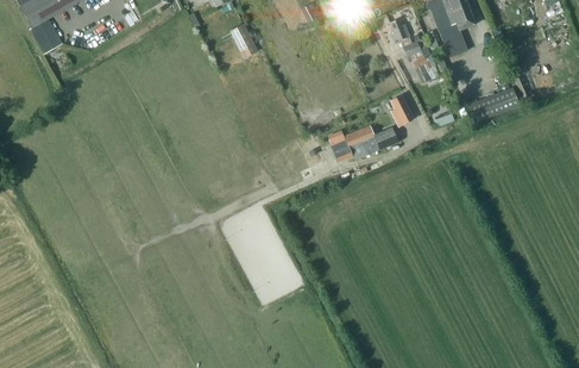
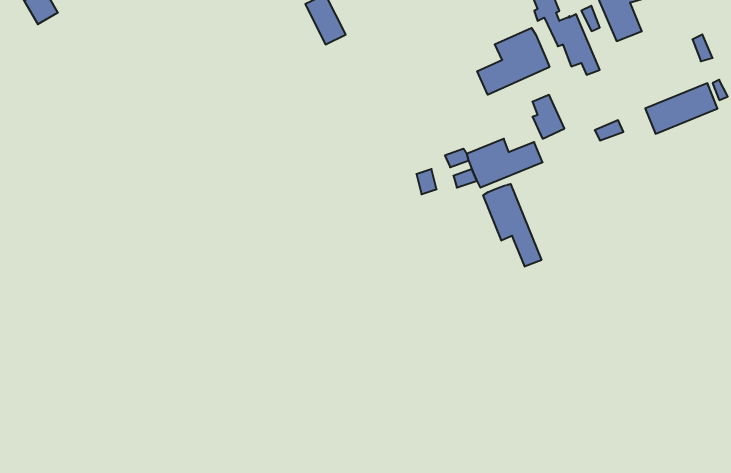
building: none -> [477,28,549,95]
building: none -> [483,184,541,267]

